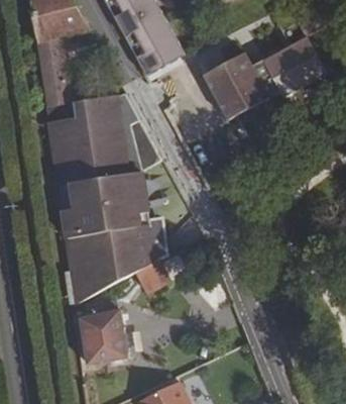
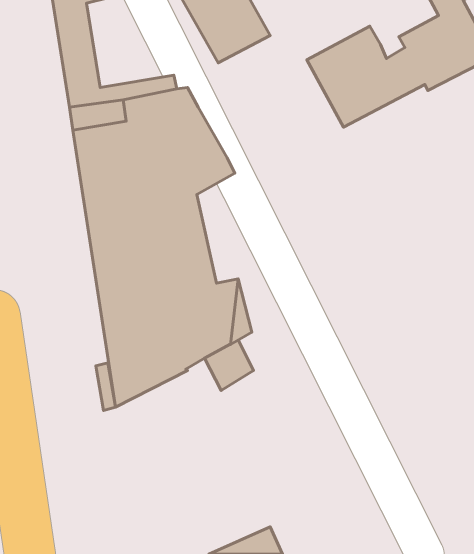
building: [81,297,128,362] -> none

